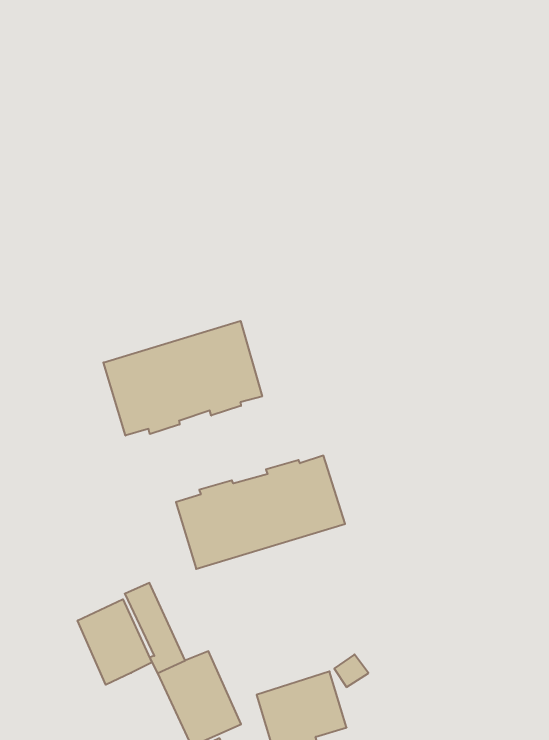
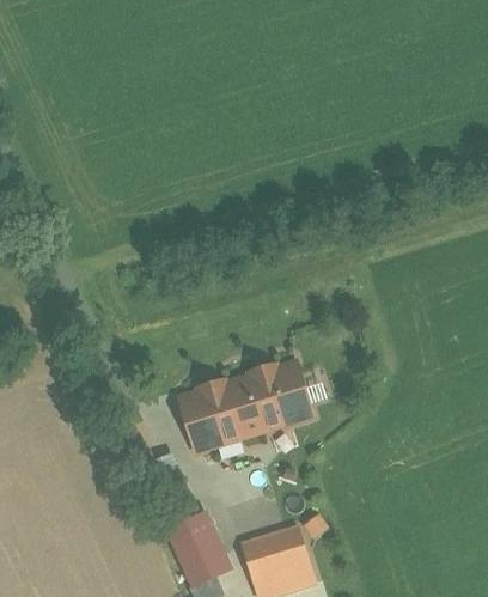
building: [103,321,262,436] -> none
building: [78,599,152,685] -> none

